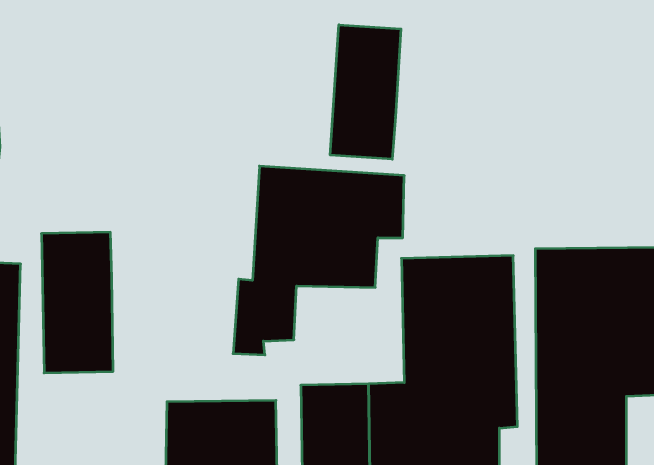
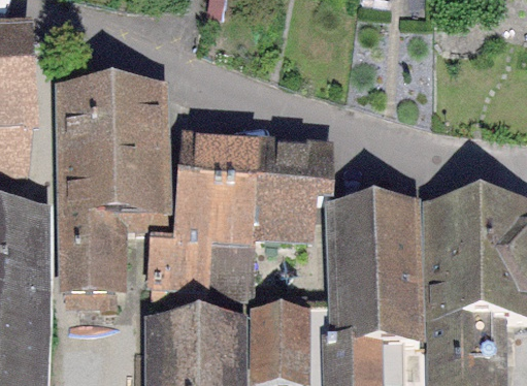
building: [330,25,401,159] -> none
building: none -> [61,88,167,224]
building: none -> [154,136,226,285]

